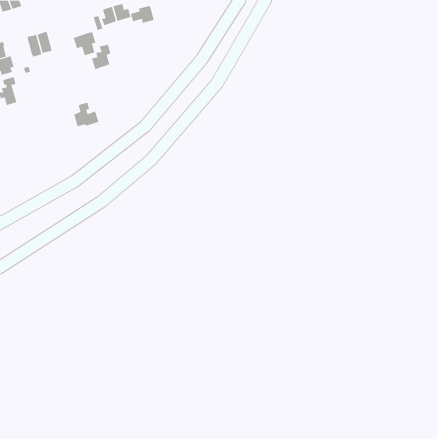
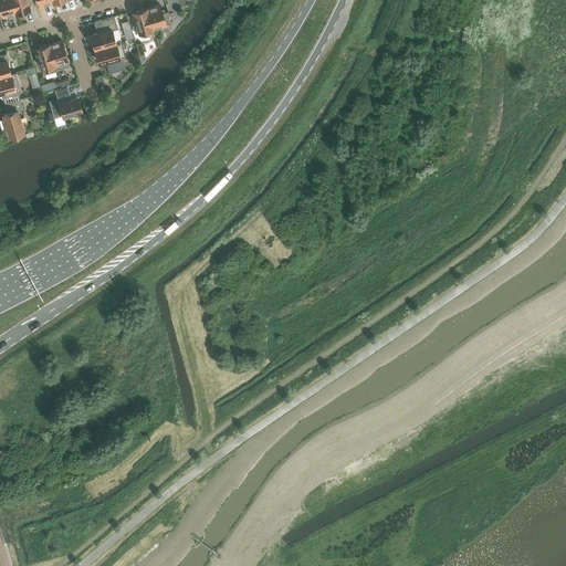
building: [130,5,154,24] -> none
building: [91,44,111,70] -> [90,15,115,49]
building: [74,102,99,126] -> [48,85,81,116]

